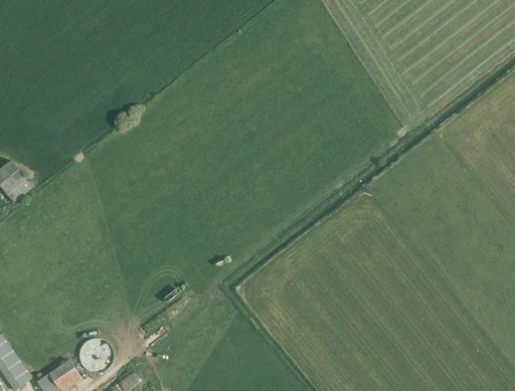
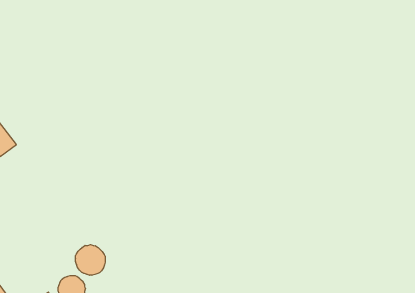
building: none -> [75,245,105,275]

